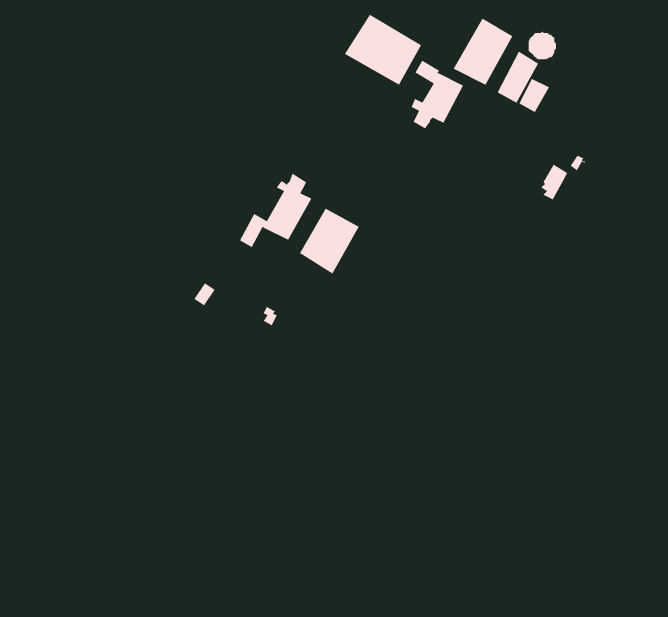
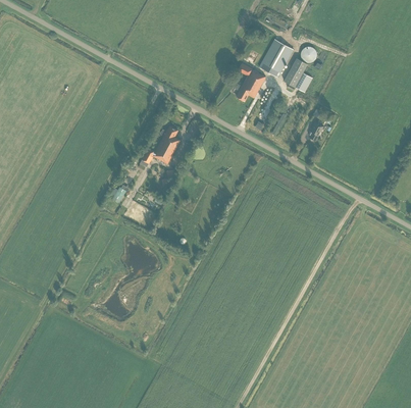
building: [344,14,422,85] -> none
building: [299,208,360,275] -> none

